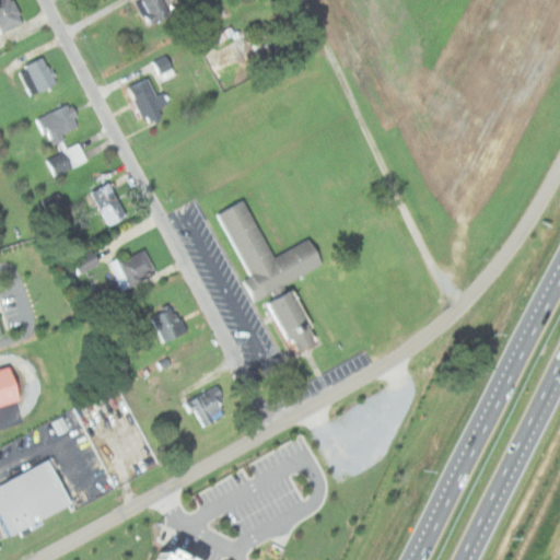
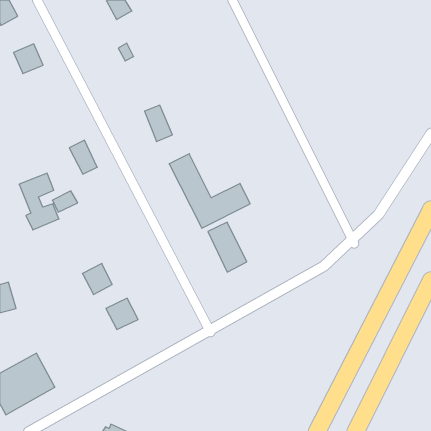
building: [127,80,163,127] -> [145,105,172,142]
building: [35,105,86,178] -> [19,173,59,230]
building: [117,248,156,287] -> none
building: [150,304,188,345] -> [82,263,112,295]
building: [188,387,230,428] -> [106,298,138,330]

